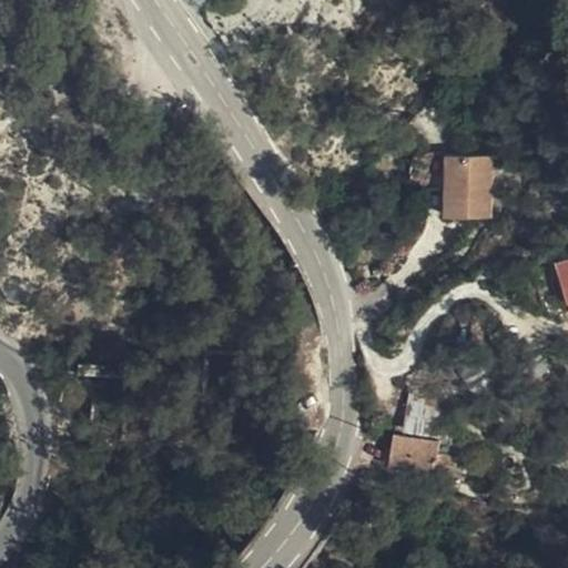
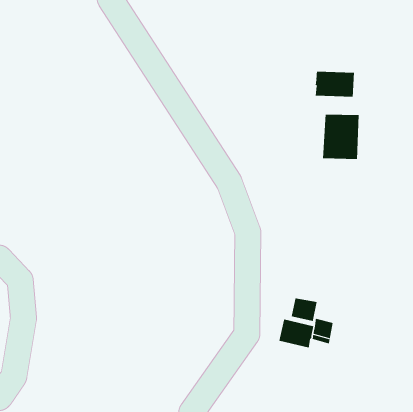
building: none -> [315,71,354,98]

